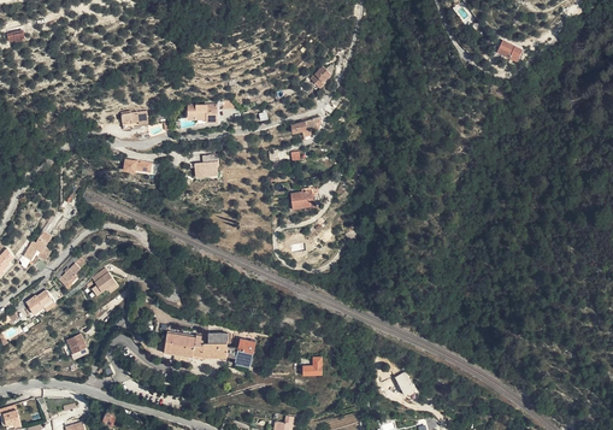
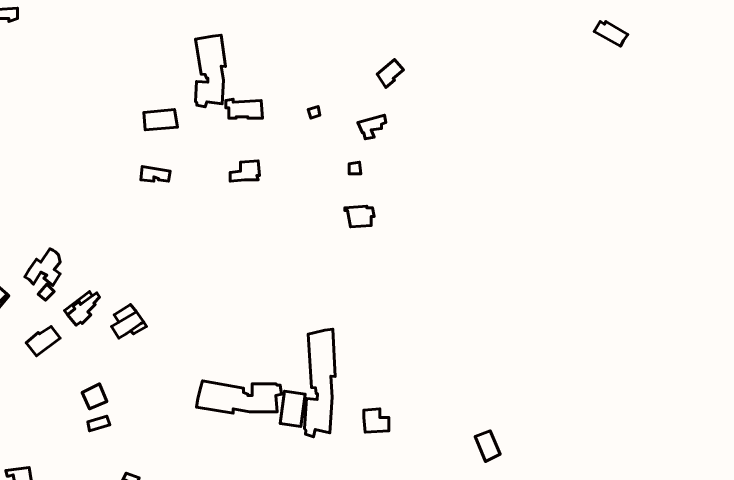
building: none -> [196,35,225,107]
building: none -> [305,329,335,437]

